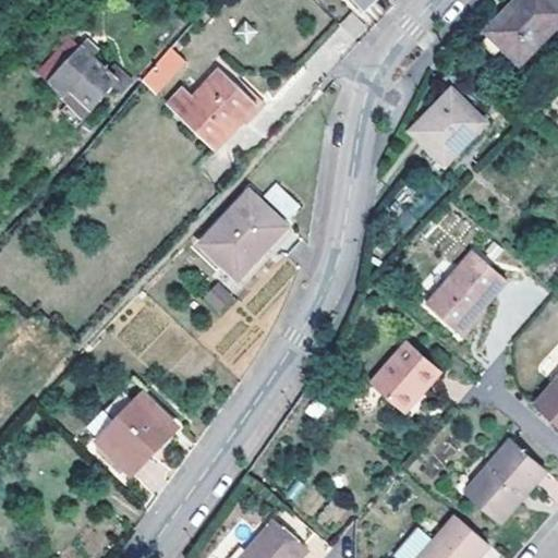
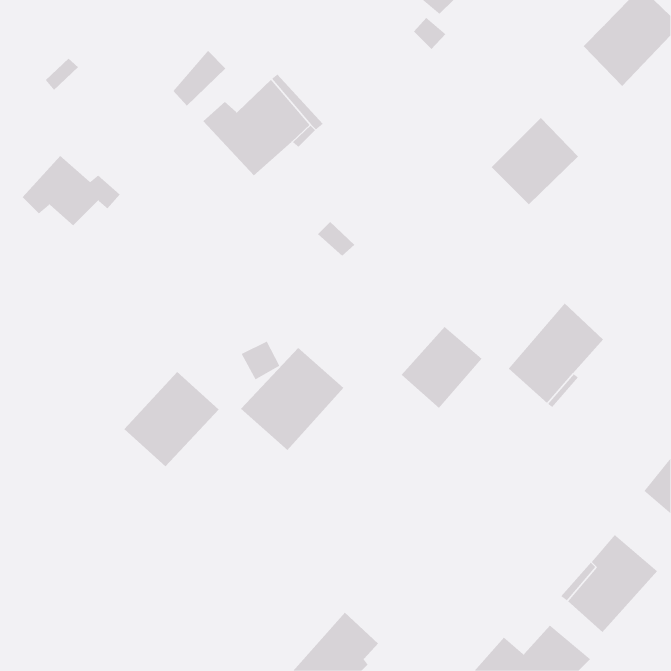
building: [51,48,133,107] -> [22,155,121,226]
building: [197,190,283,276] -> [240,347,344,451]
building: [371,343,438,412] -> [401,326,483,409]
building: [100,395,180,474] -> [123,371,219,467]

